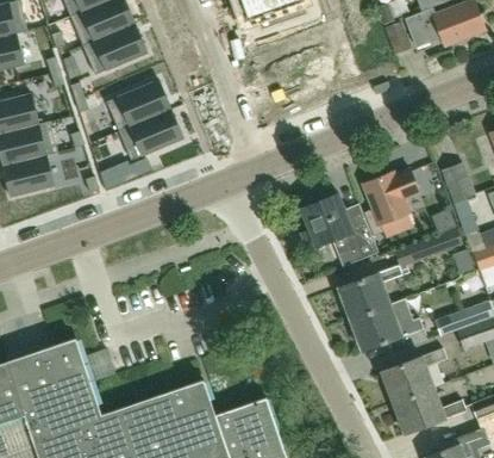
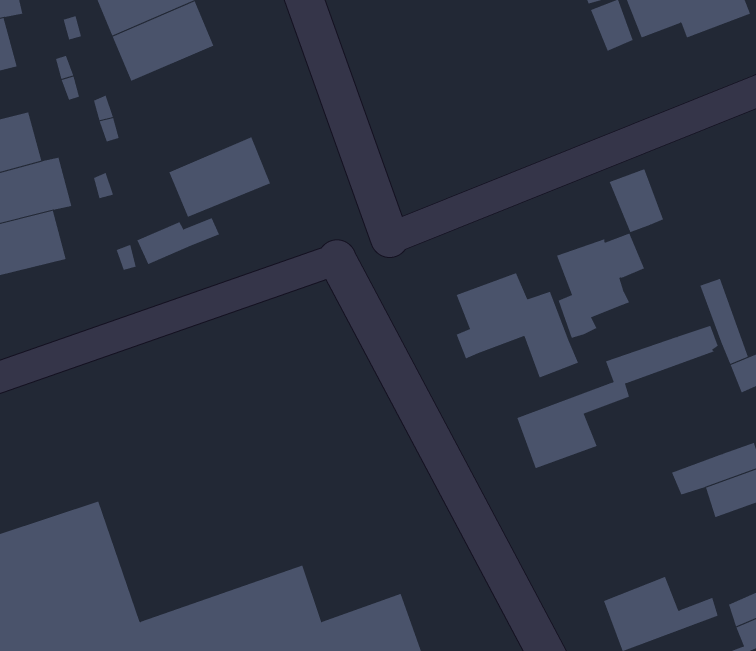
building: [107,80,171,131] -> none
building: [440,162,475,203] -> [609,169,664,233]
building: [350,299,423,352] -> none
building: [381,348,446,402] -> none

